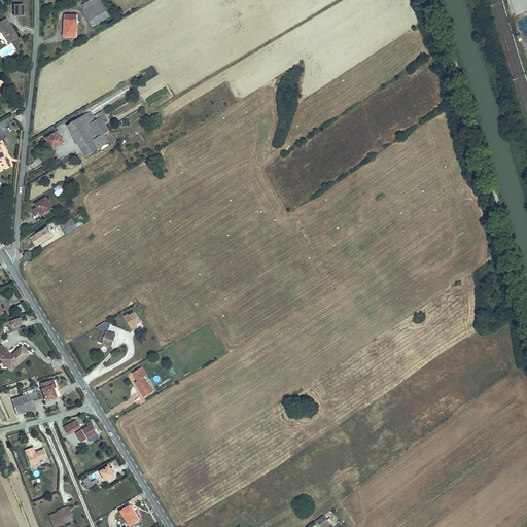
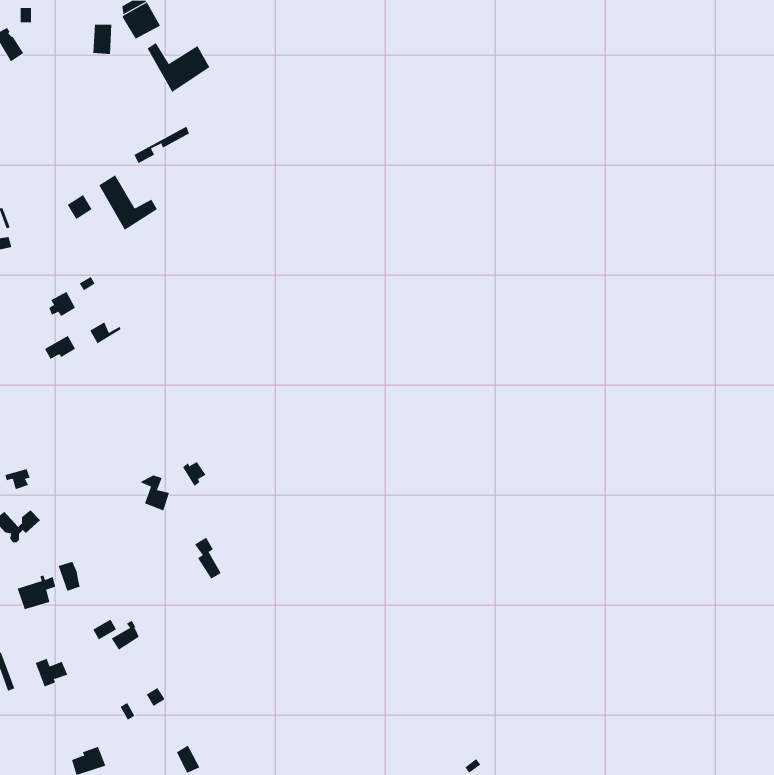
building: none -> [147,42,210,93]
building: [78,112,108,141] -> none

